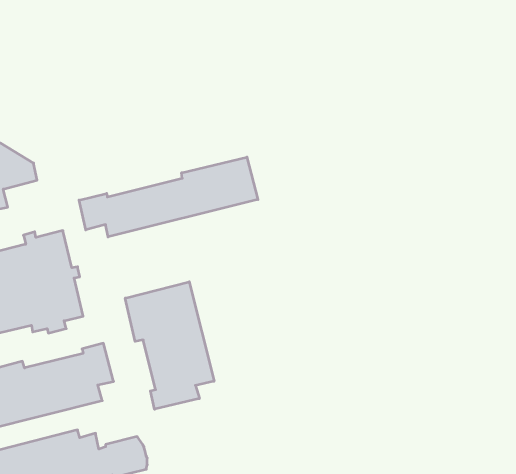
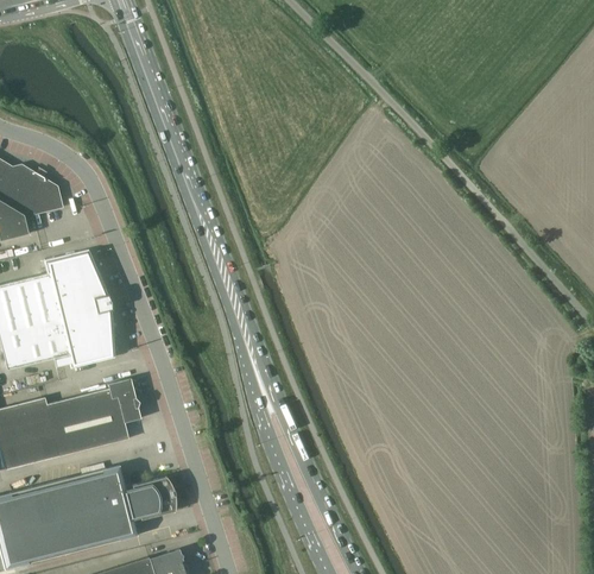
building: [79,157,258,237] -> none
building: [125,282,214,409] -> none

